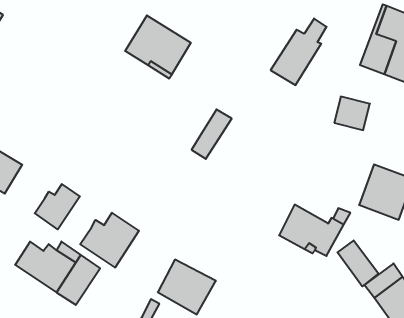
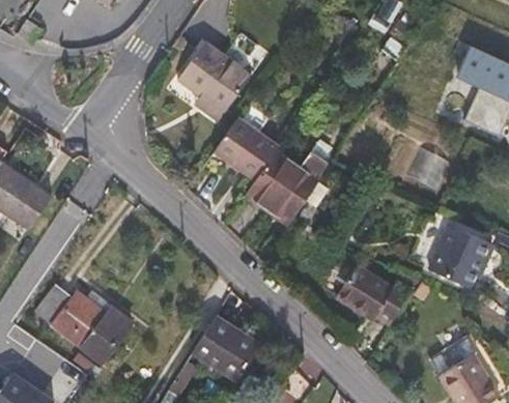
building: [271,18,327,85] -> [259,150,326,224]
building: none -> [211,115,278,179]
building: [35,184,80,229] -> none
building: [80,213,139,268] -> none
building: [337,240,379,286] -> none

